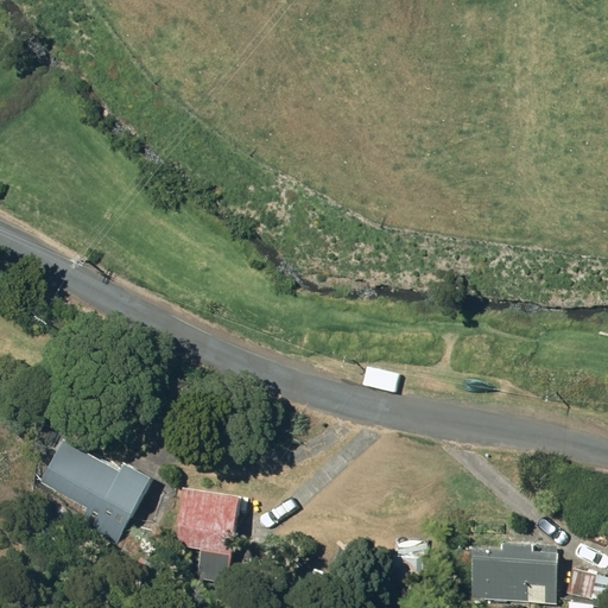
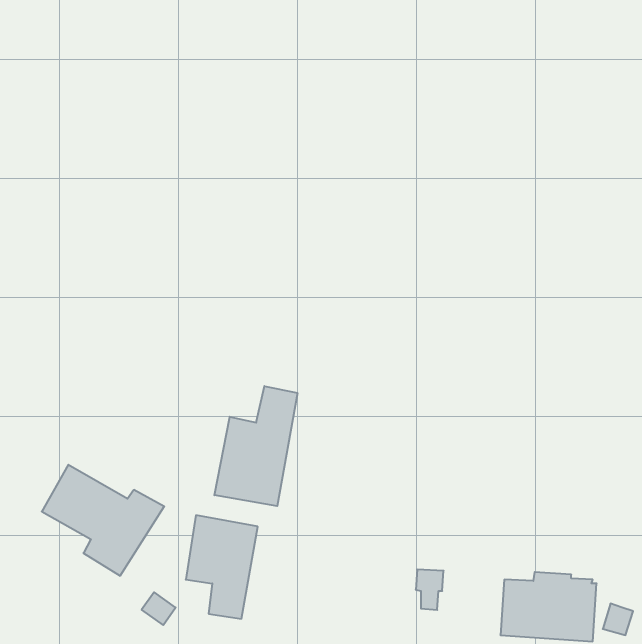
building: none -> [214,386,297,506]

